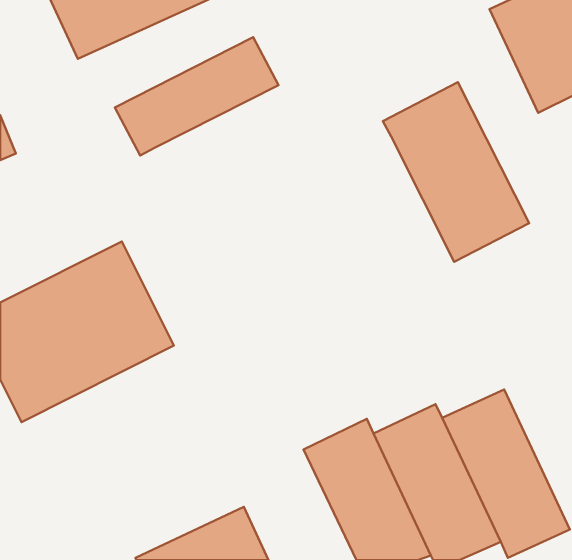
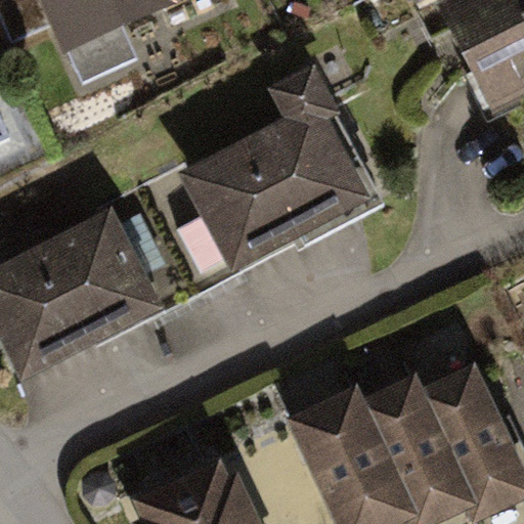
building: [115,37,278,156] -> none
building: [383,82,529,262] -> none
building: none -> [184,108,369,272]

